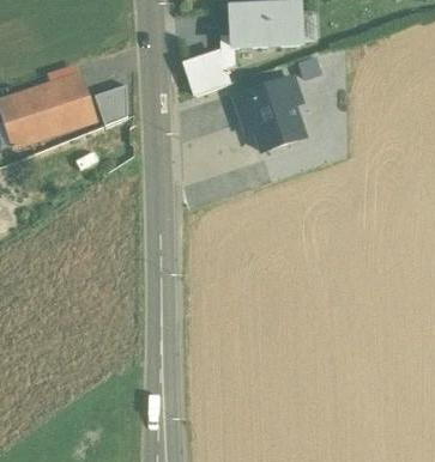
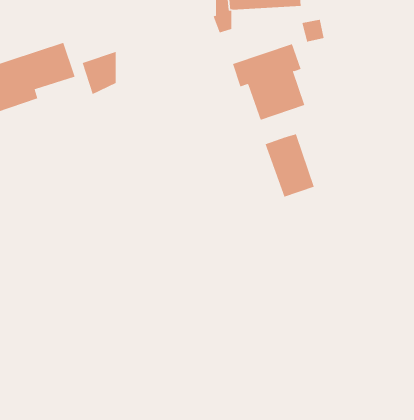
building: [185,50,228,93] -> none
building: none -> [265,133,315,197]

